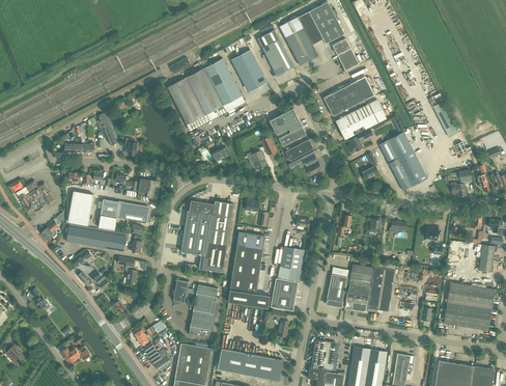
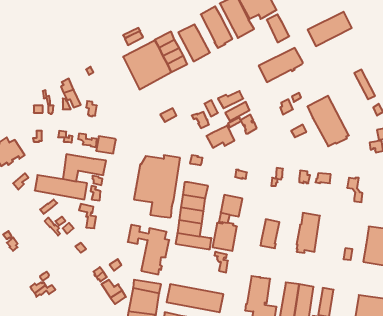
building: [335,100,386,139] -> [308,12,352,46]
building: [270,108,302,134] -> [206,125,234,148]
building: [67,191,93,225] -> none
building: [344,264,373,311] -> none

